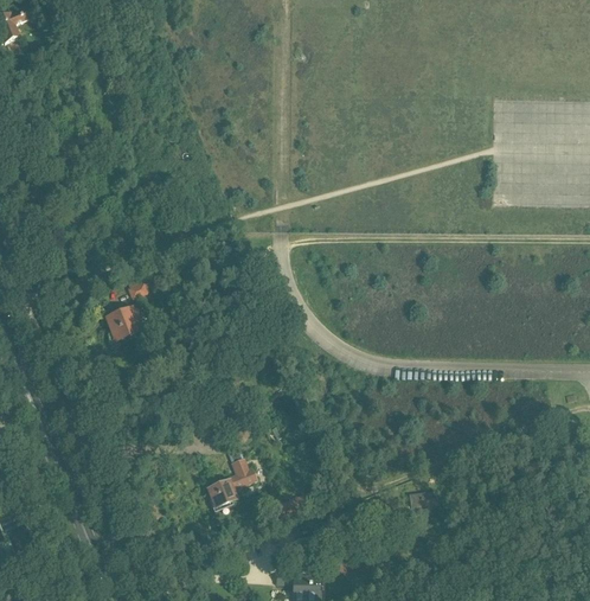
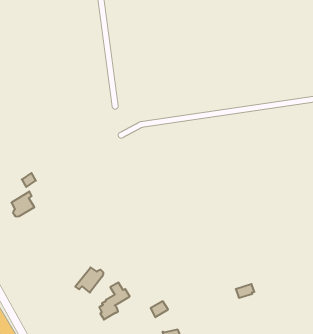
building: none -> [75,267,103,293]

